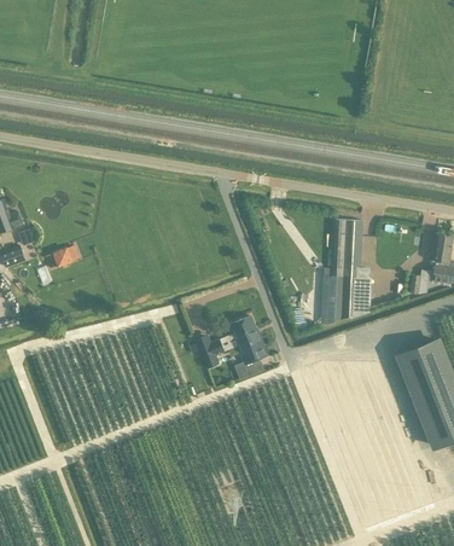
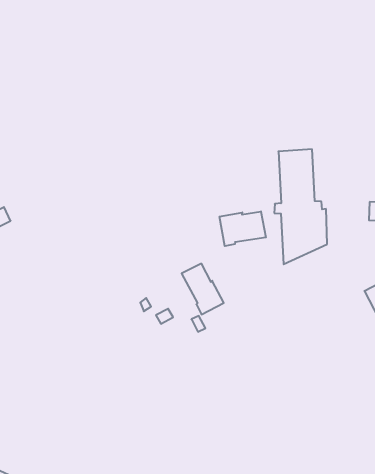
building: none -> [220,211,266,246]

